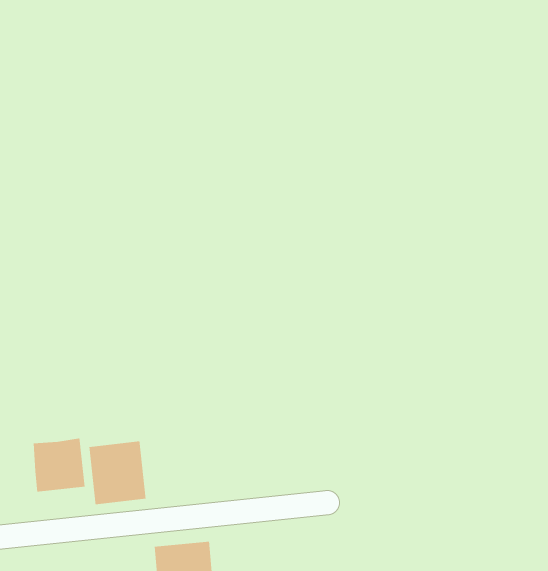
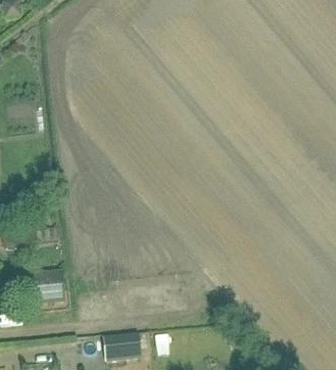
building: [89,440,146,505] -> none

